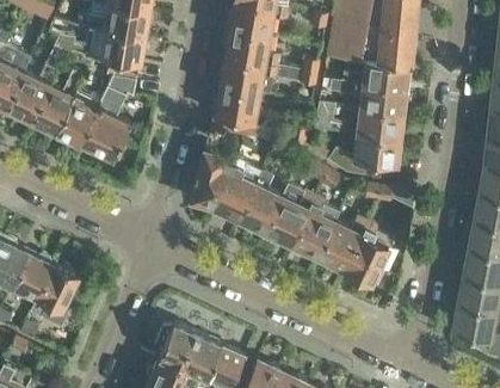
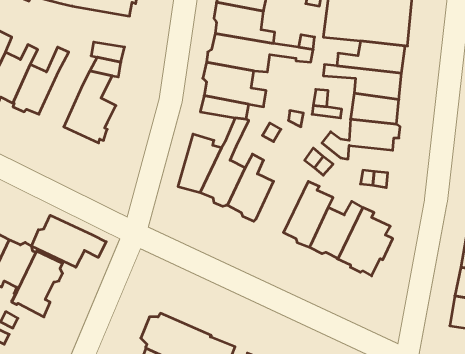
building: [54,27,147,63] -> none
building: [55,90,99,143] -> none
building: [263,183,315,245] -> none
building: none -> [32,215,106,267]

